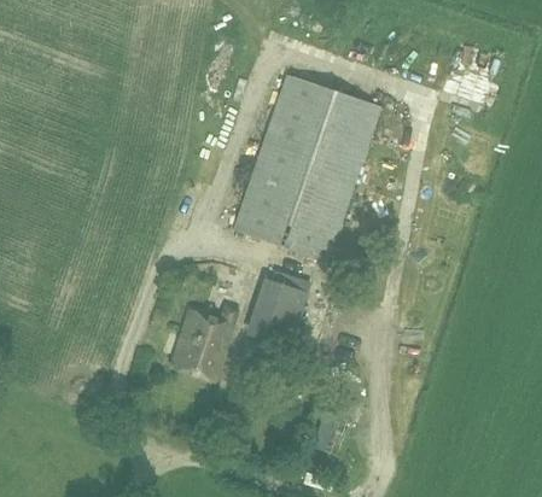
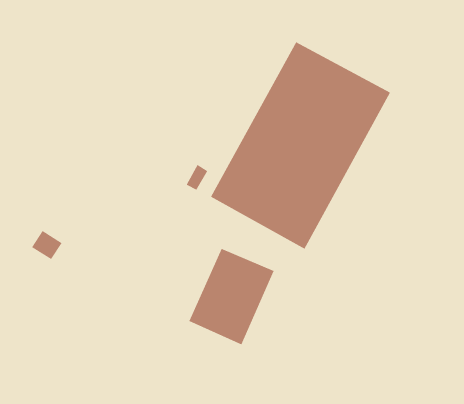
building: [171,305,239,380] -> none

